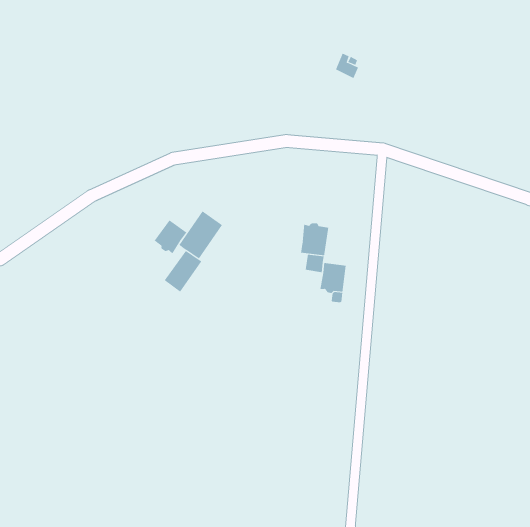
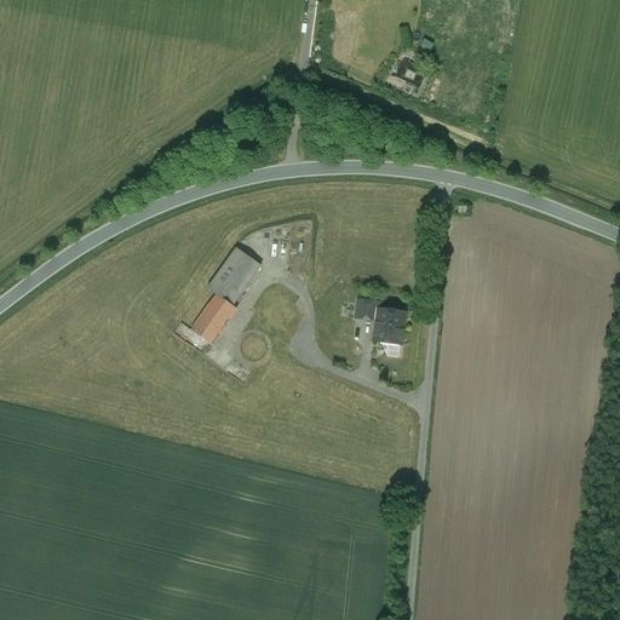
building: [154,220,187,254] -> none
building: [300,223,329,256] -> none

